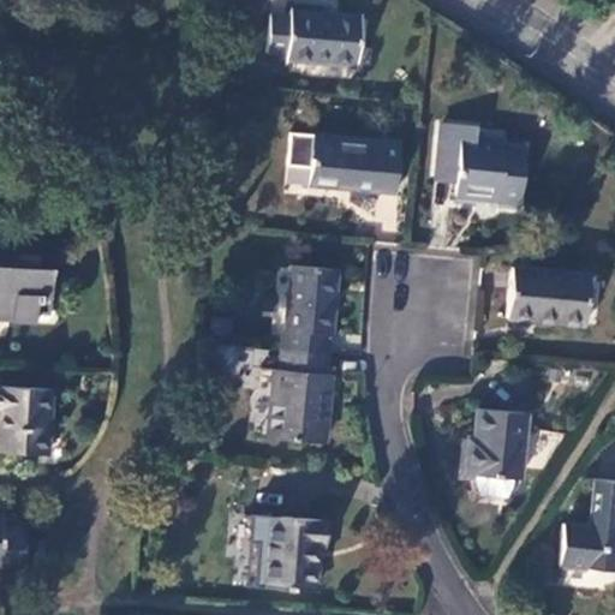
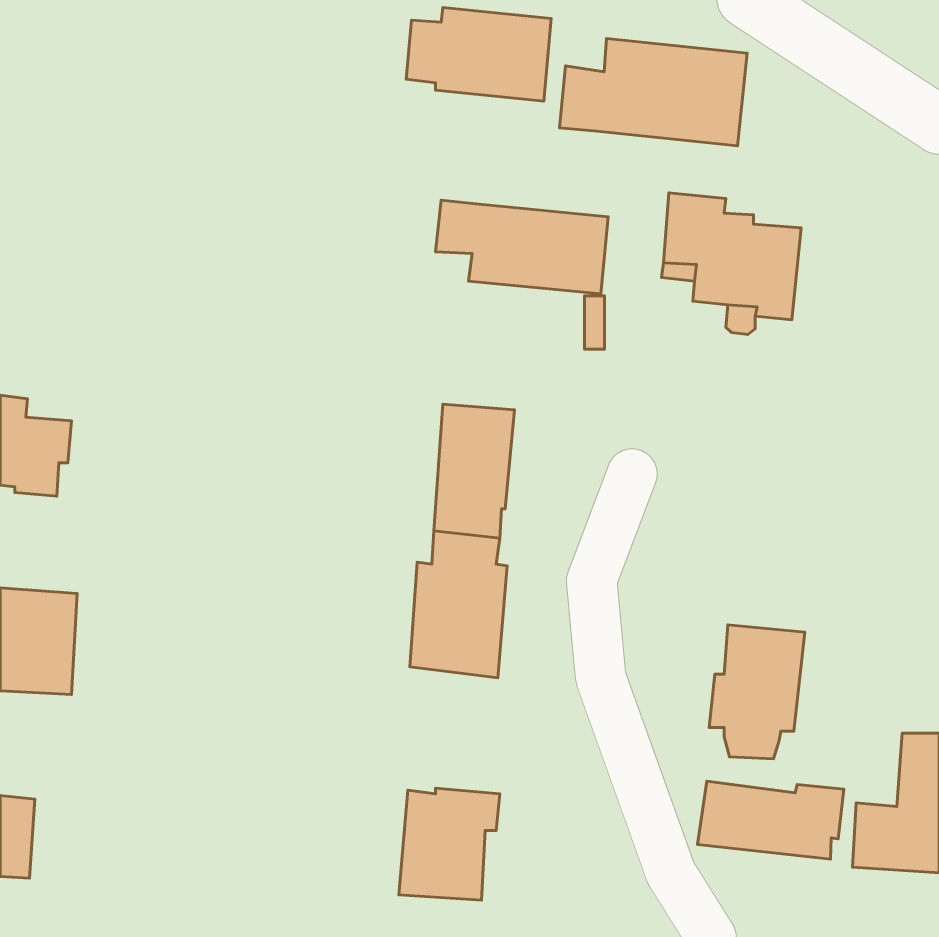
building: none -> [560,39,747,146]
building: [506,267,587,324] -> none
building: none -> [698,781,844,859]

